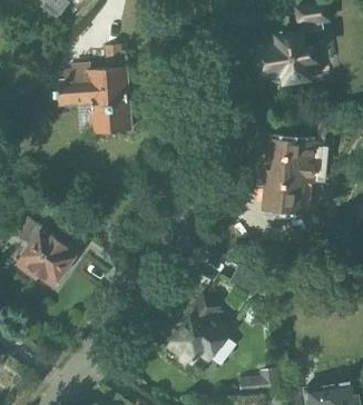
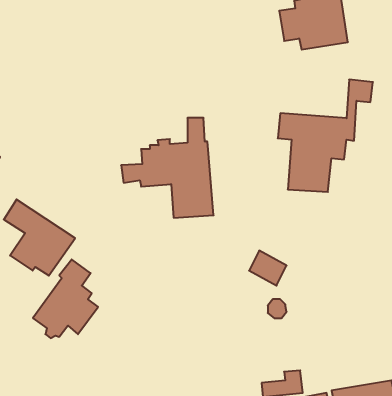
building: [48,46,130,135] -> [121,118,214,218]
building: [169,294,227,364] -> [33,259,98,338]

